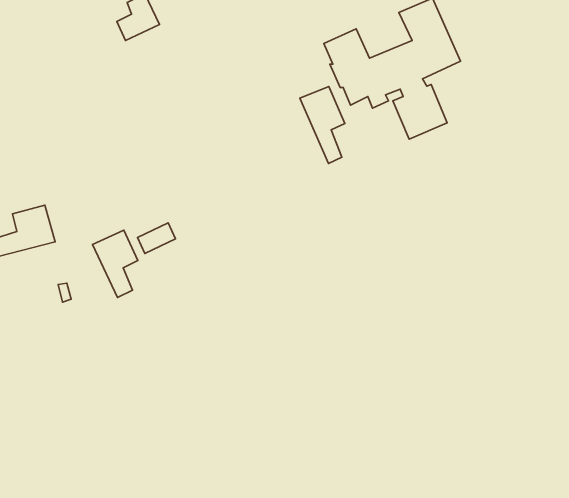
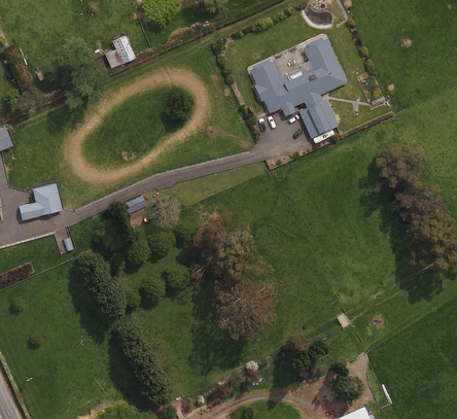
building: [300,86,345,163] -> none
building: [92,230,138,297] -> none

